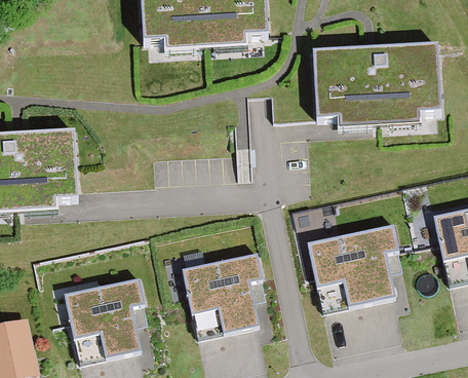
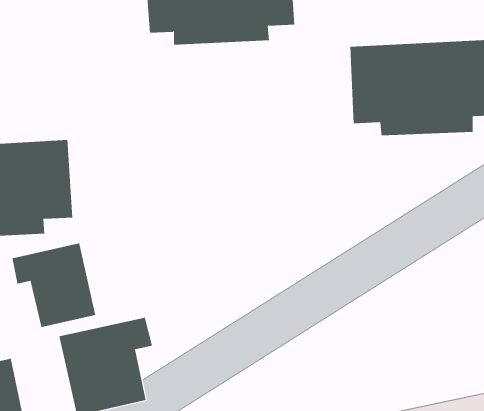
building: none -> [12,242,96,328]
building: [311,229,398,312] -> none
building: [184,255,263,340] -> none

